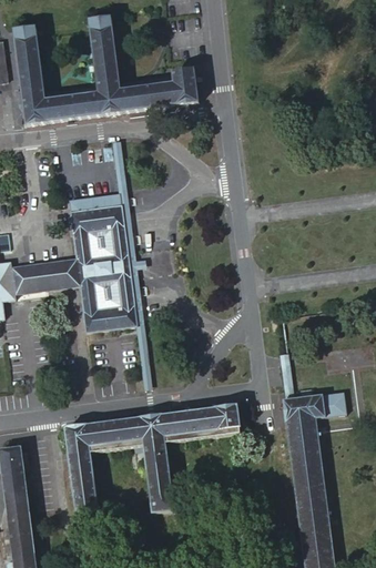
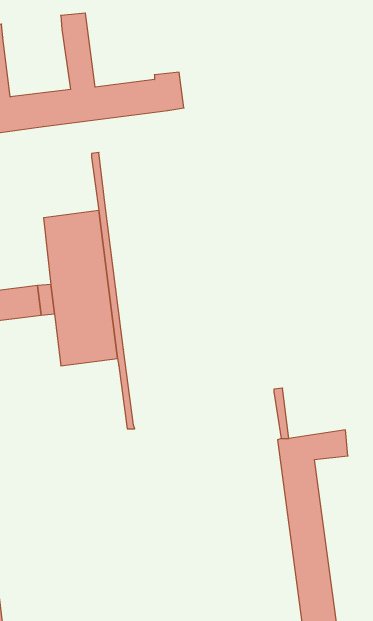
building: [62,405,238,523] -> none

